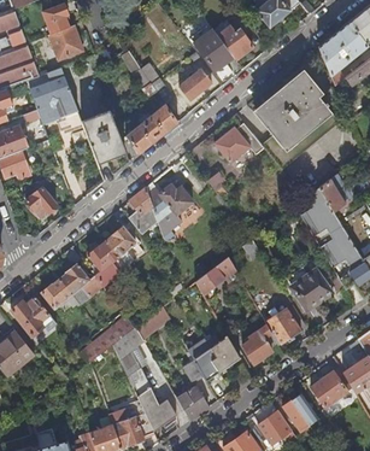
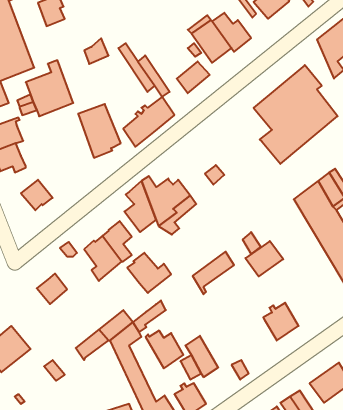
building: [48,24,83,59] -> none
building: [215,123,264,163] -> none
building: [59,264,102,304] -> [127,253,171,293]
building: [293,273,330,308] -> [245,241,283,276]
building: [11,297,53,336] -> none
building: [242,324,283,364] -> none
building: [202,334,240,371] -> [146,331,183,368]

